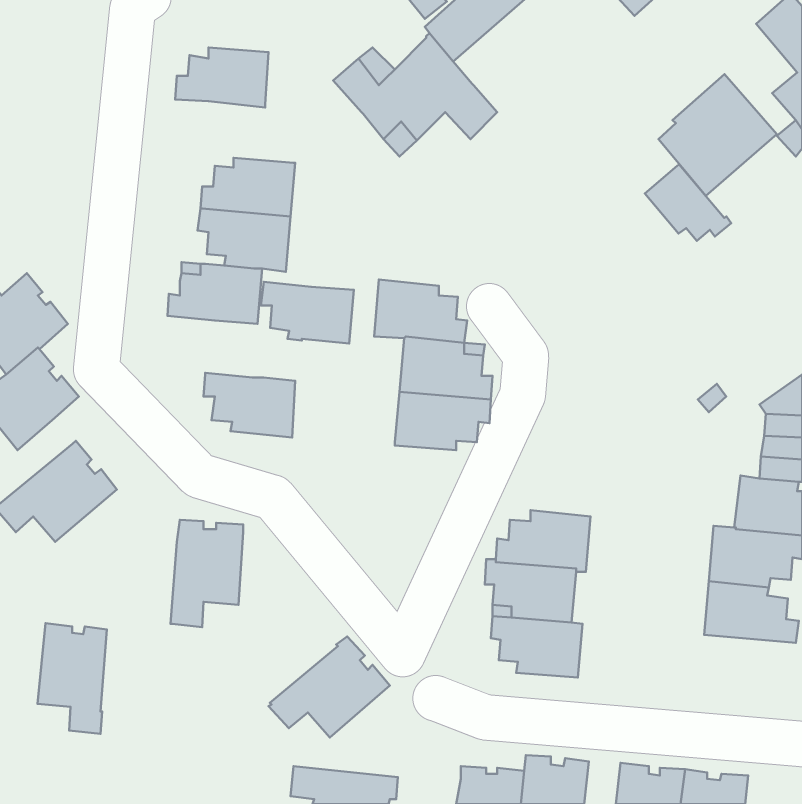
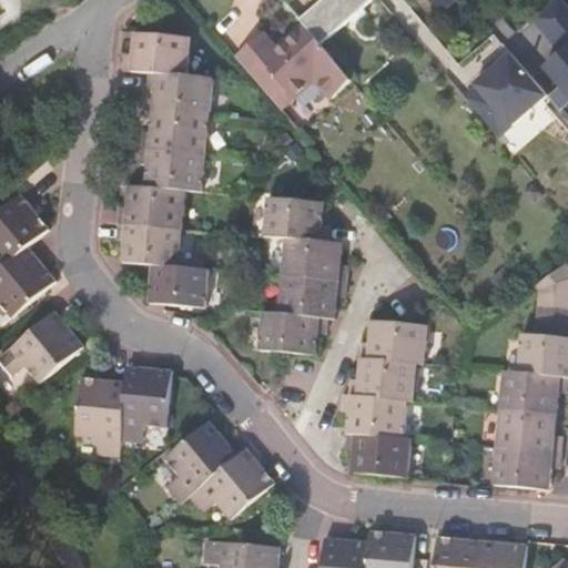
building: none -> [145,71,211,114]
building: [645,164,731,241] -> none
building: [261,282,354,344] -> [115,222,181,265]
building: none -> [260,310,325,354]
building: none -> [359,322,426,364]
building: none -> [165,419,237,503]
building: [37,623,107,734] -> [75,376,124,454]
building: none -> [491,446,559,487]

